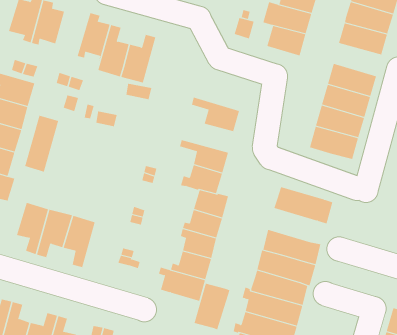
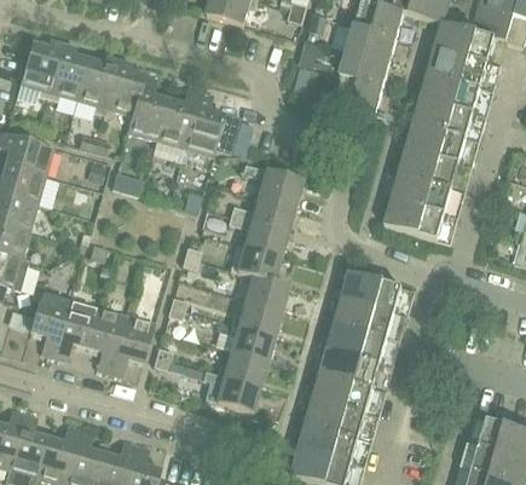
building: none -> [77,56,119,114]
building: none -> [184,91,239,155]
building: none -> [415,98,474,138]
building: [24,115,59,172] -> none
building: none -> [230,196,294,231]
building: none -> [335,299,407,342]
building: none -> [110,316,155,375]
building: [194,283,230,330] -> none

